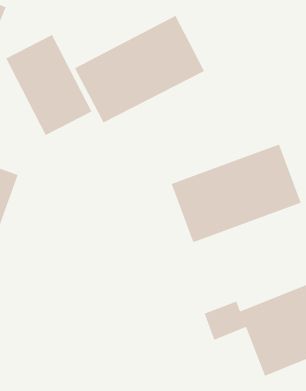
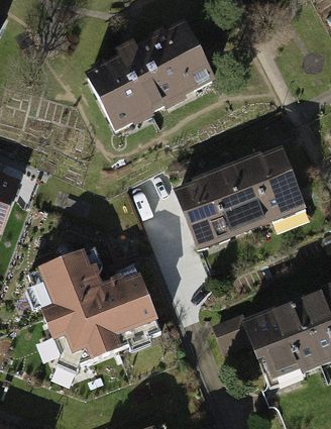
building: [5,34,92,136] -> none
building: none -> [36,252,153,357]

